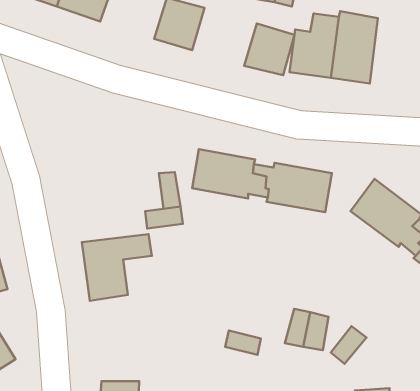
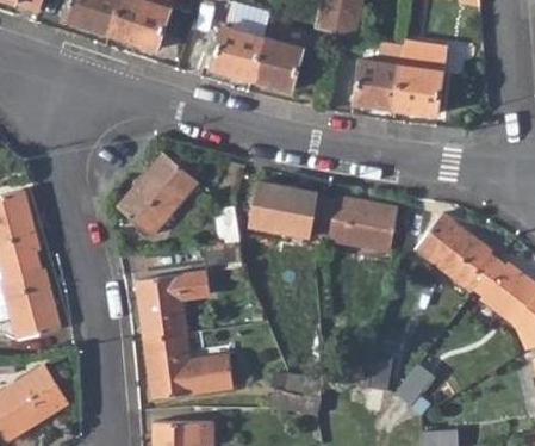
building: [244,23,295,75] -> [251,37,304,91]
building: none -> [119,155,197,234]
building: none -> [145,335,235,399]

